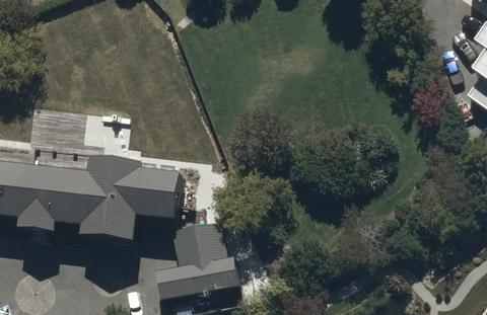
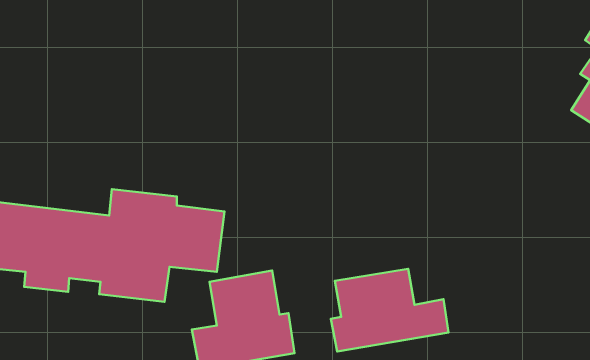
building: none -> [331,269,448,351]

